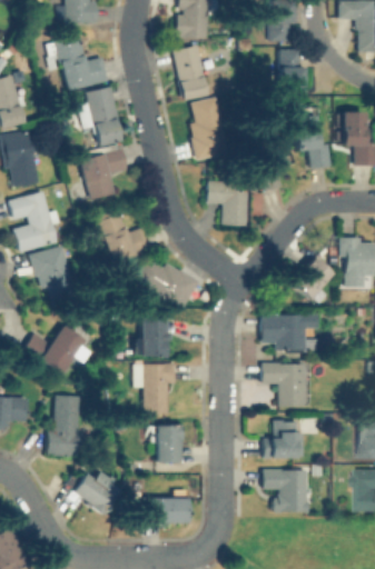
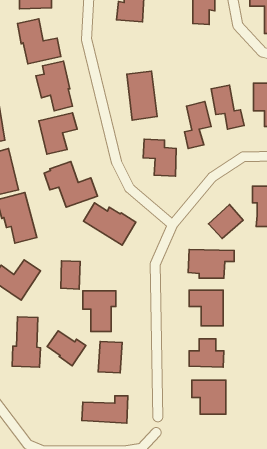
building: [172,46,207,100] -> none
building: [278,49,304,90] -> none
building: [141,325,165,359] -> [61,261,80,289]
building: [71,473,118,516] -> [47,331,86,366]

